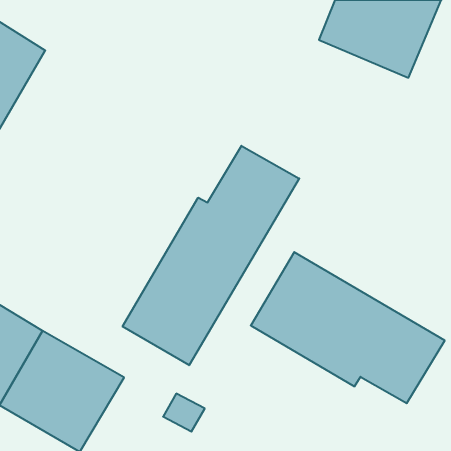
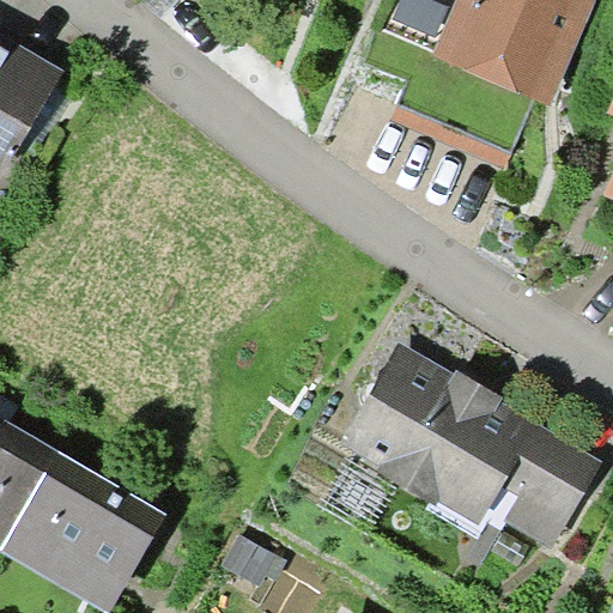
building: [123,146,299,365] -> none

